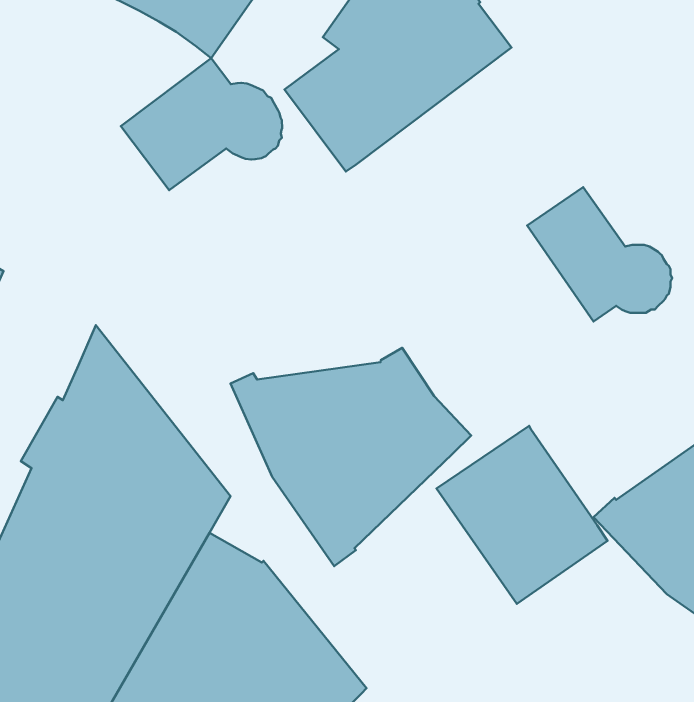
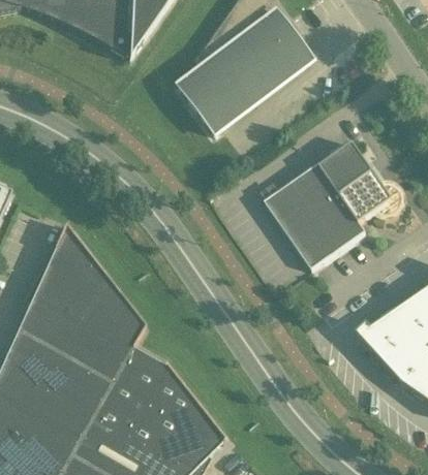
building: [121,58,282,190] -> none
building: [230,348,471,566] -> none
building: [437,426,608,604] -> [263,161,364,266]

